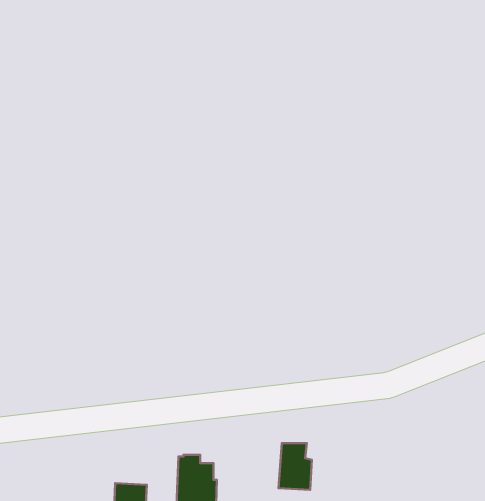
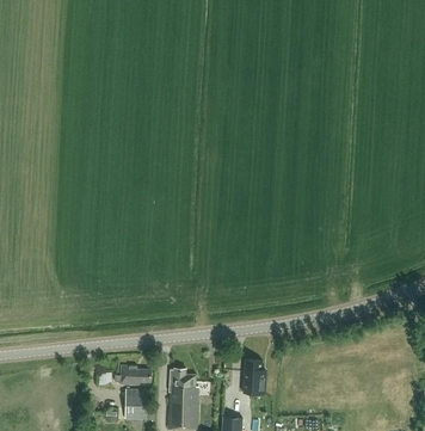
building: none -> [113,365,150,384]

